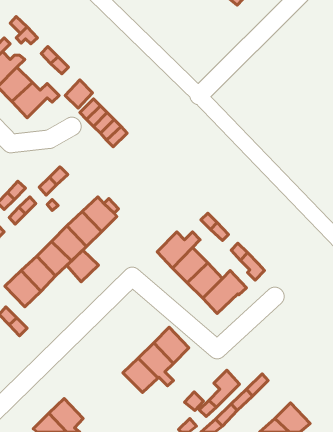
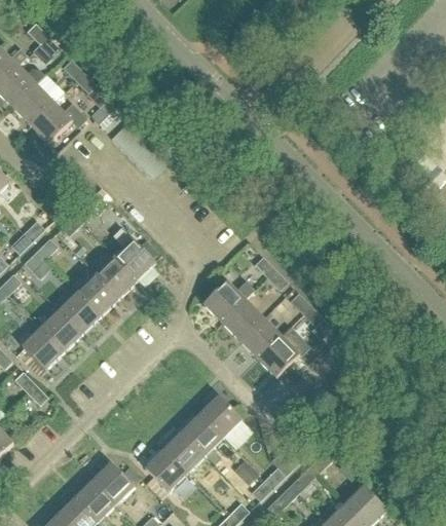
building: [67,250,98,282] -> none
building: none -> [144,449,185,491]
building: none -> [91,461,133,503]

